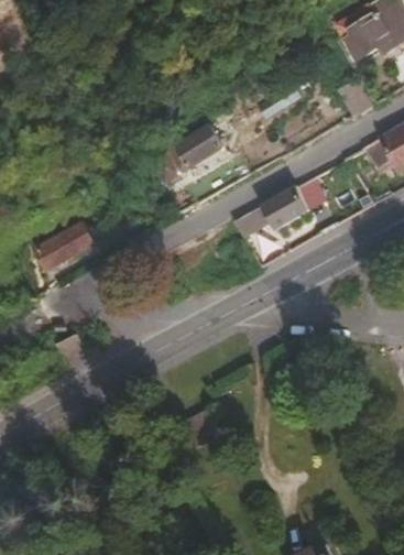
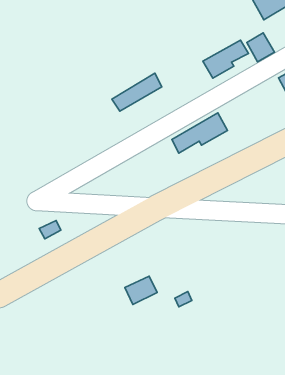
building: none -> [203,40,248,78]
building: [35,224,92,270] -> none

